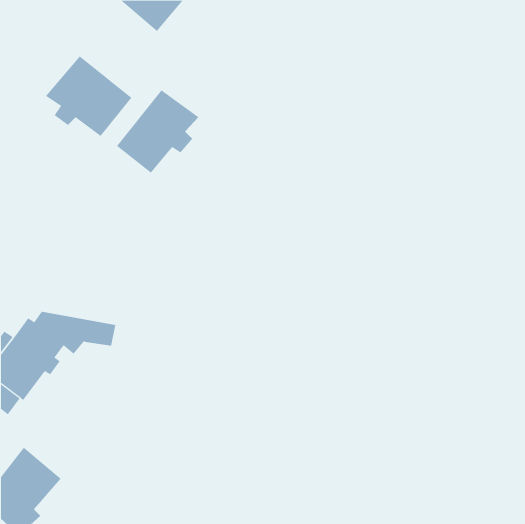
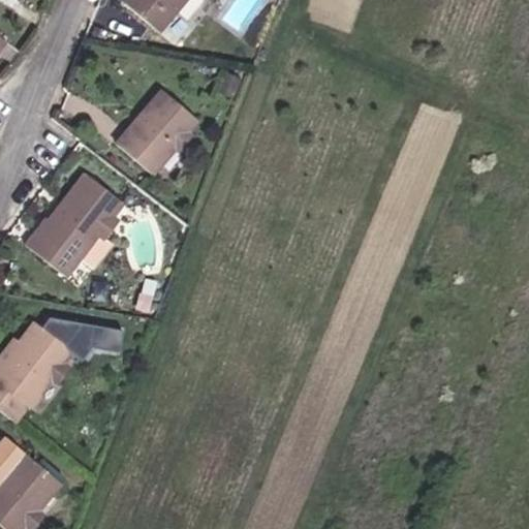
building: [45,56,132,137] -> none
building: none -> [22,174,125,279]

